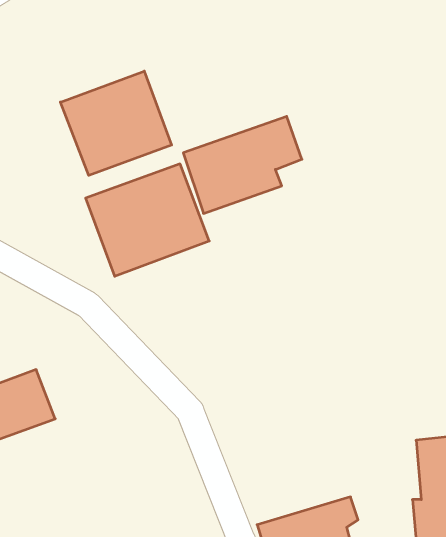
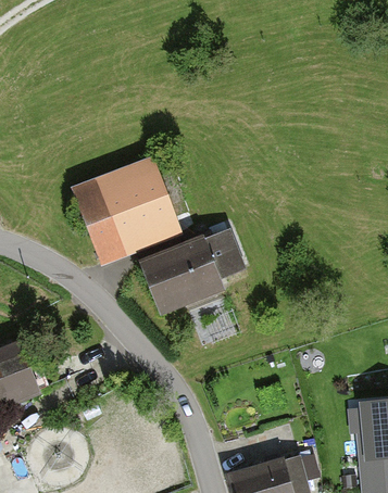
building: [60,71,172,175] -> none
building: [183,116,302,213] -> [143,230,246,314]

